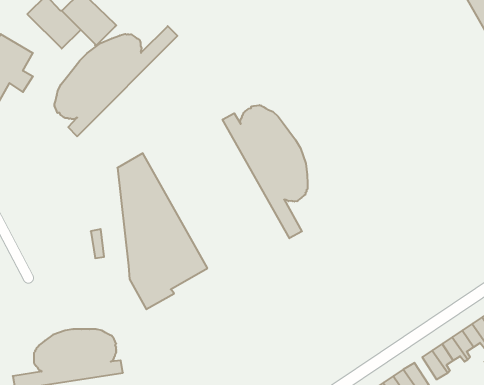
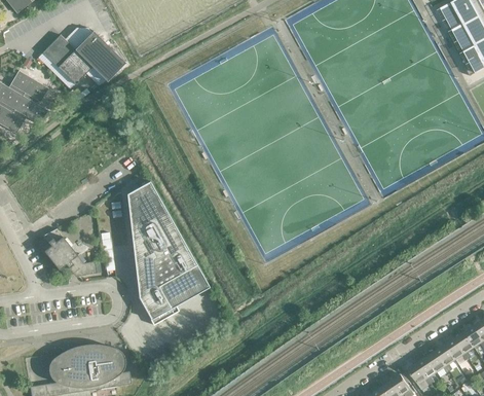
building: [55,26,177,136] -> none
building: [223,105,308,238] -> none
building: none -> [43,229,98,277]

